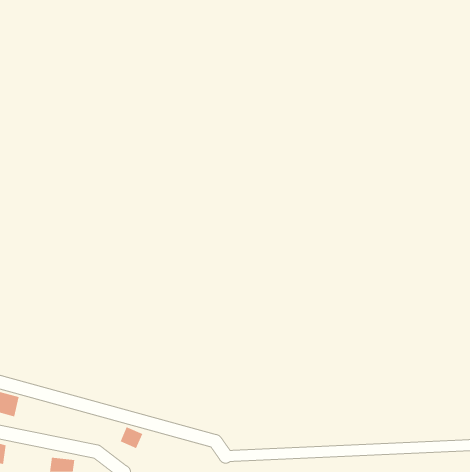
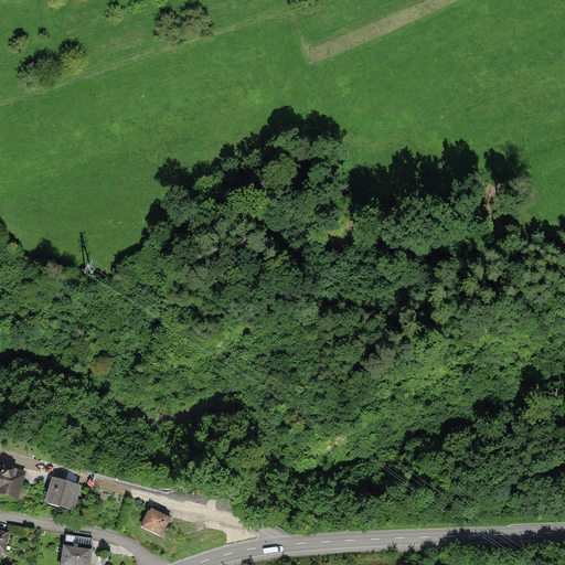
building: none -> [44,477,82,511]

